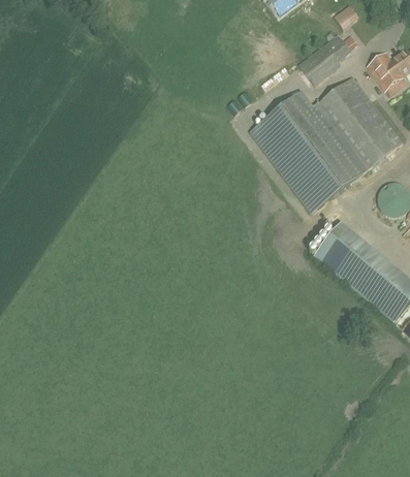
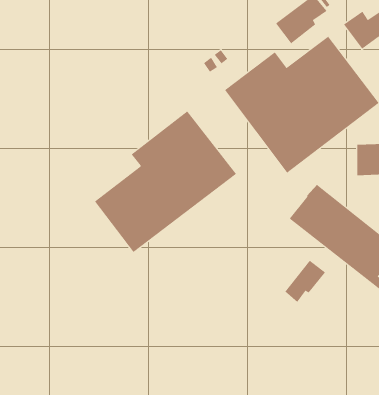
building: none -> [94,111,237,253]
building: none -> [285,260,326,303]

